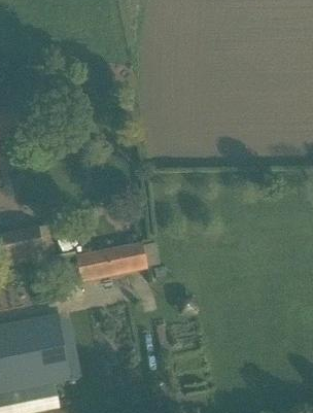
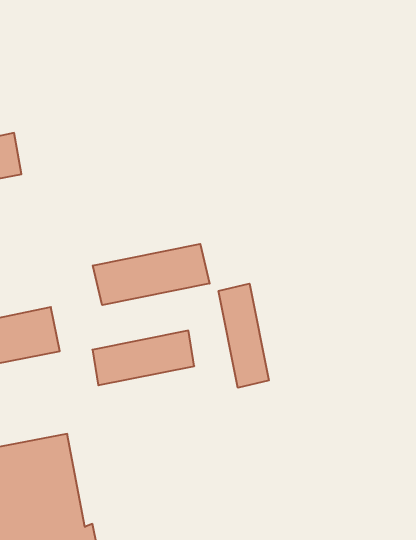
building: none -> [93,244,210,305]
building: none -> [219,284,269,388]

